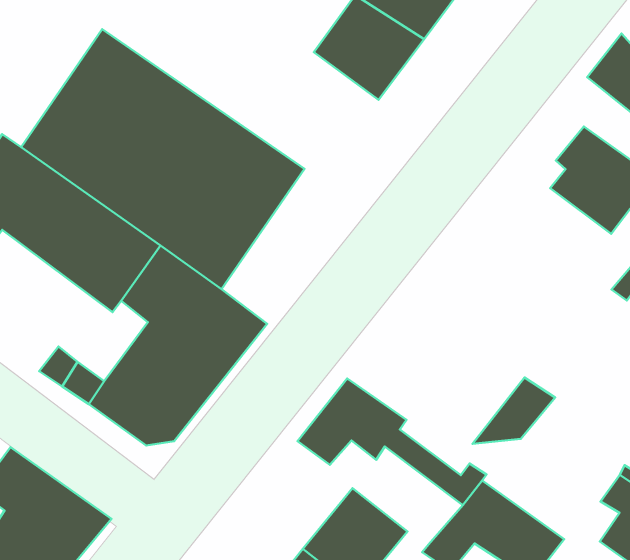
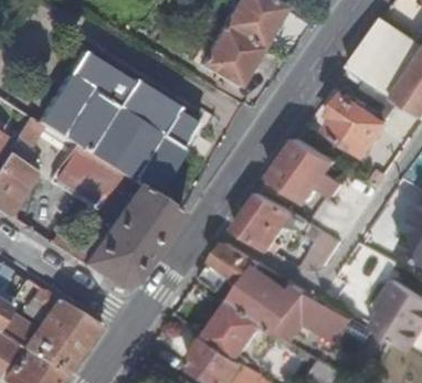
building: none -> [262,136,342,202]
building: none -> [232,191,308,255]
building: none -> [230,277,292,330]

